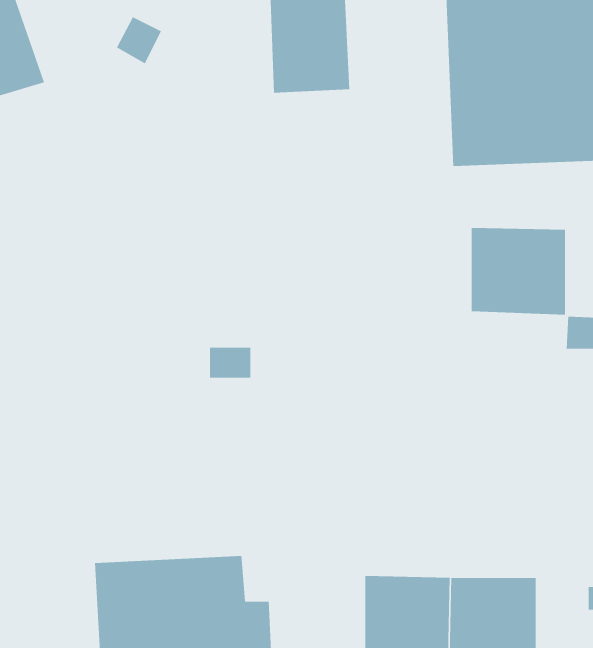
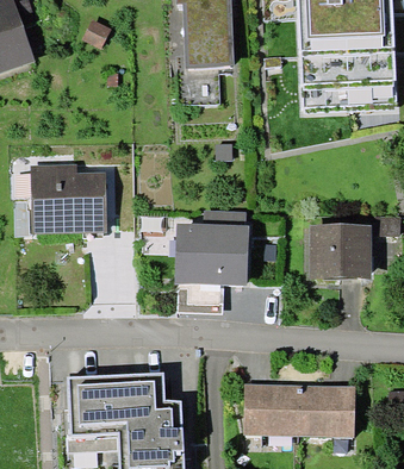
building: [471,228,566,315] -> [310,224,372,281]
building: none -> [31,164,105,233]
building: none -> [175,210,249,287]

